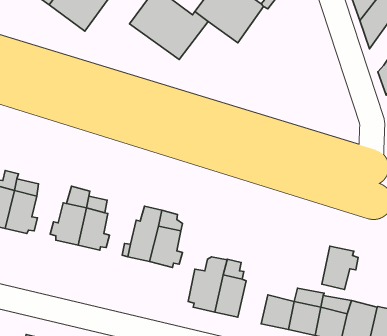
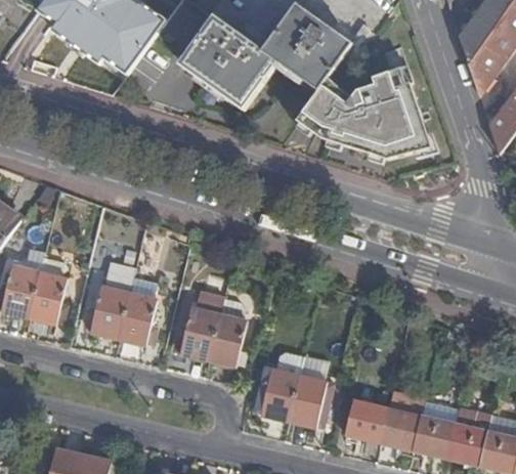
building: none -> [299,58,443,156]
building: [322,246,358,290] -> none

